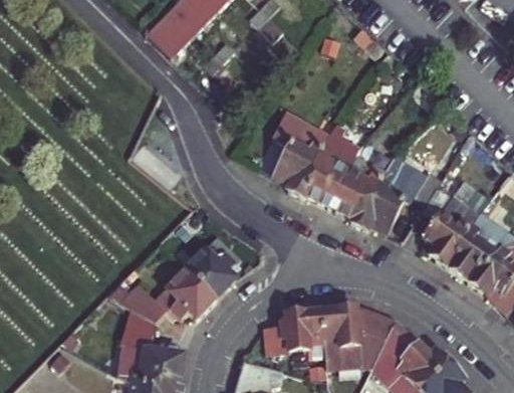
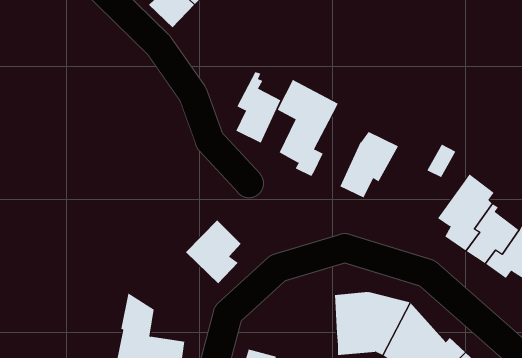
building: [305,139,348,207] -> [236,71,281,144]
building: [350,169,404,232] -> none
building: [127,269,215,324] -> none
building: [283,310,327,359] -> none

